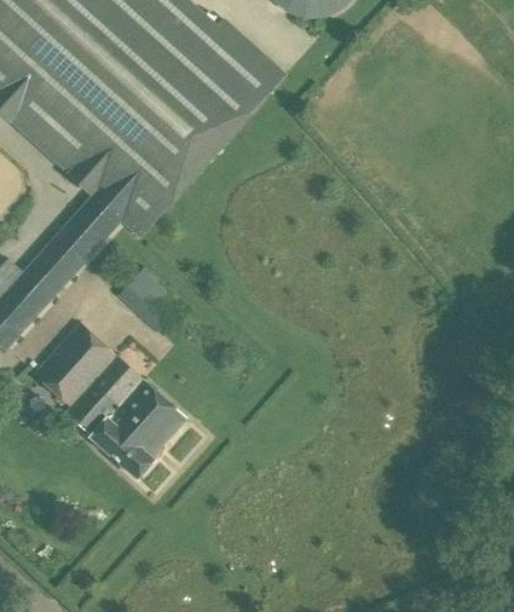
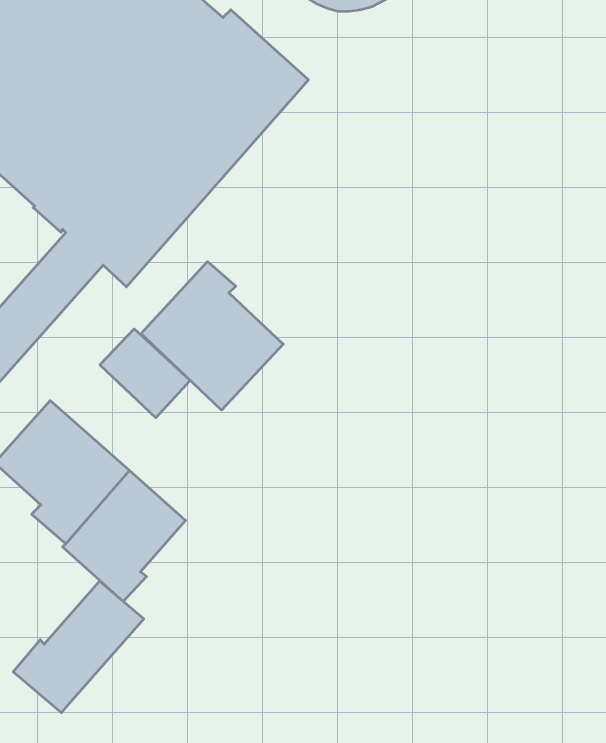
building: none -> [141,262,283,410]
building: none -> [13,581,144,713]

